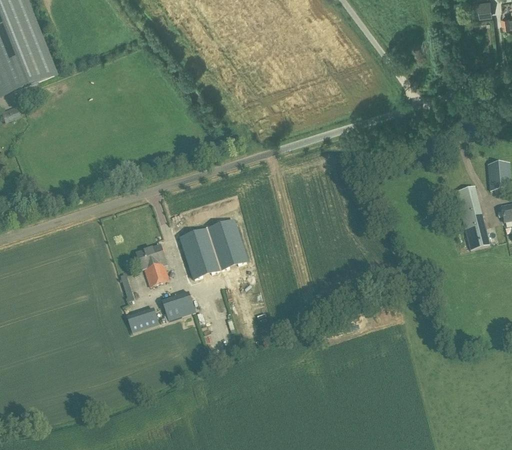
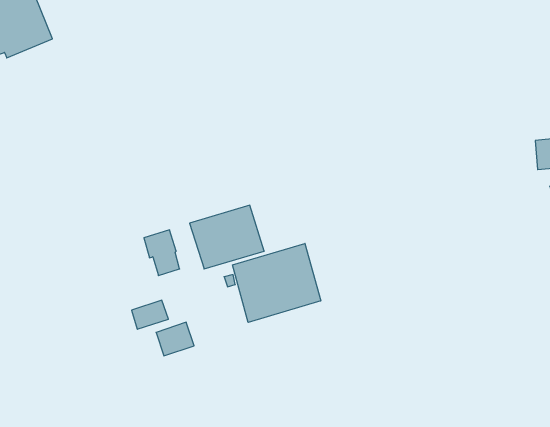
building: [455,184,491,248] -> none
building: none -> [232,243,321,322]
building: [162,289,196,319] -> [156,322,194,356]

